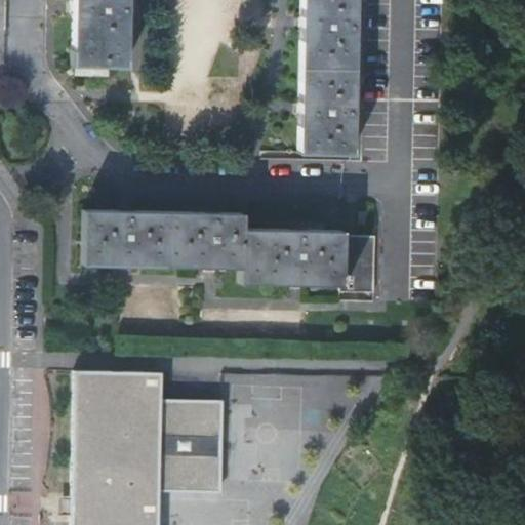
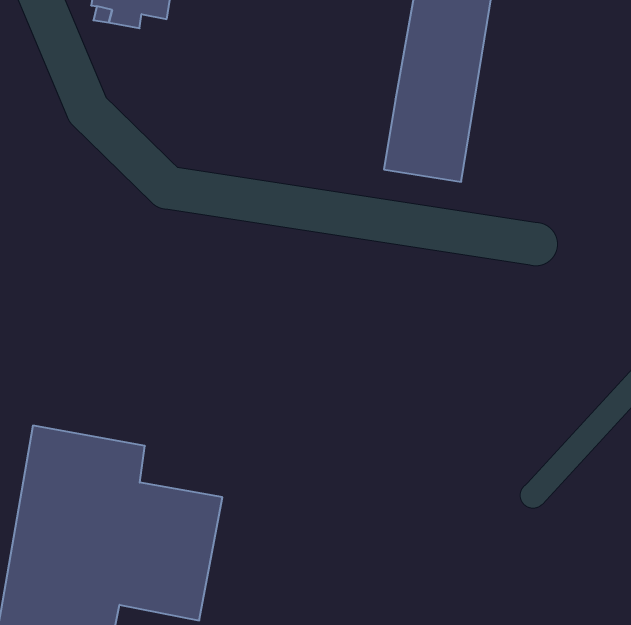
building: [87,209,380,293] -> none

